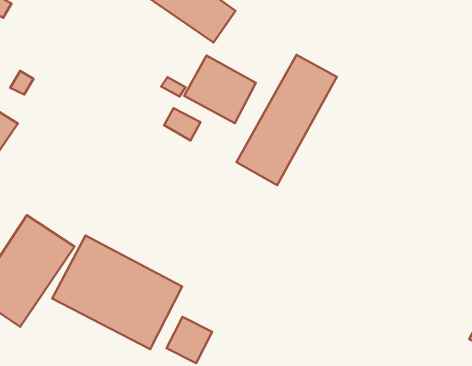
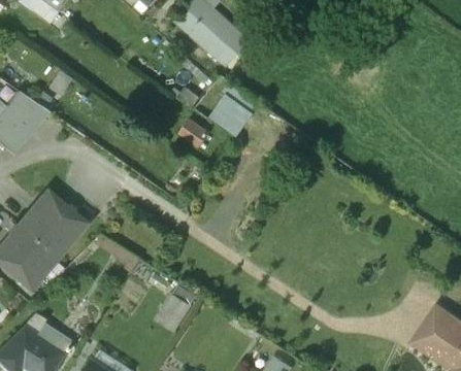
building: [237,55,337,185] -> none
building: [52,235,182,349] -> none

